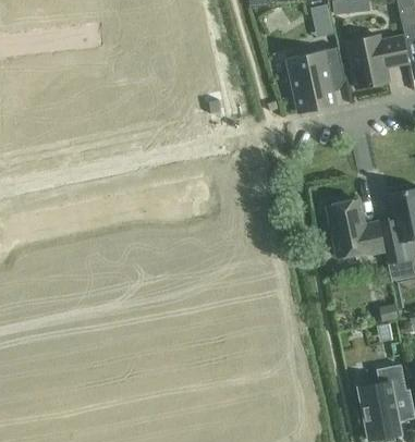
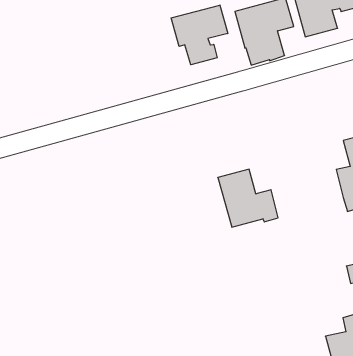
building: none -> [171,5,228,65]
building: [327,199,385,256] -> [218,169,278,227]

